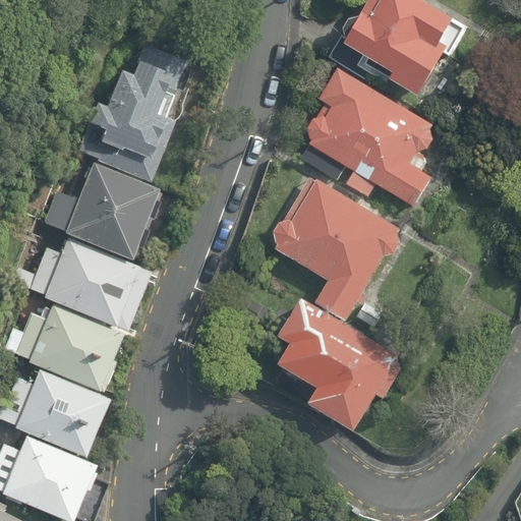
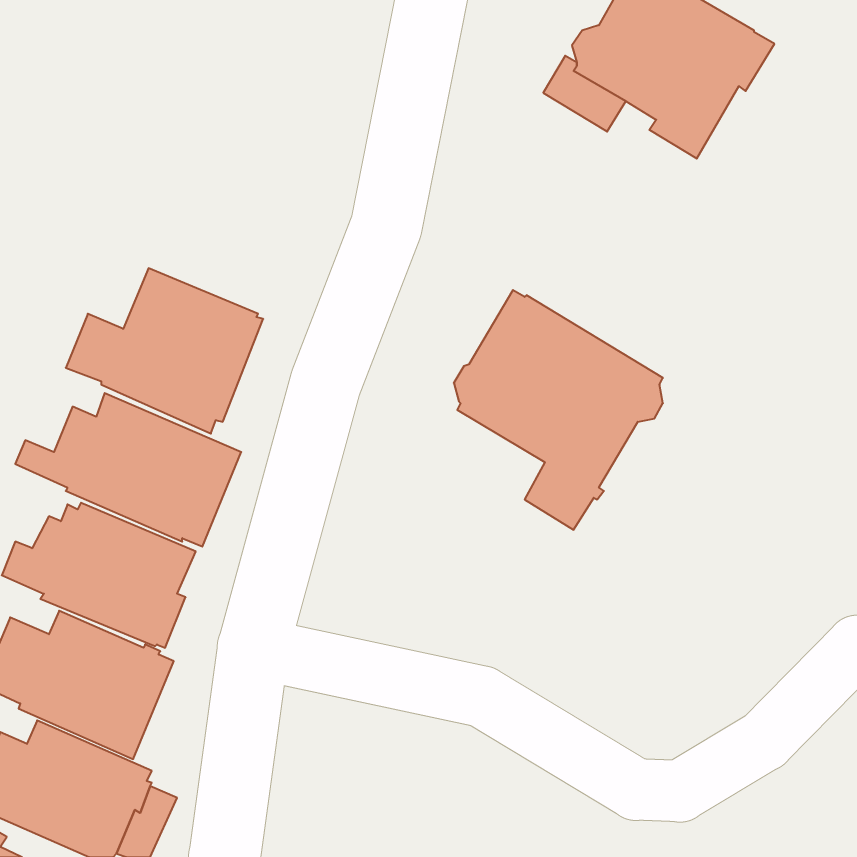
building: [84,45,188,182] -> none
building: [300,66,435,207] -> none
building: [280,297,404,430] -> none

